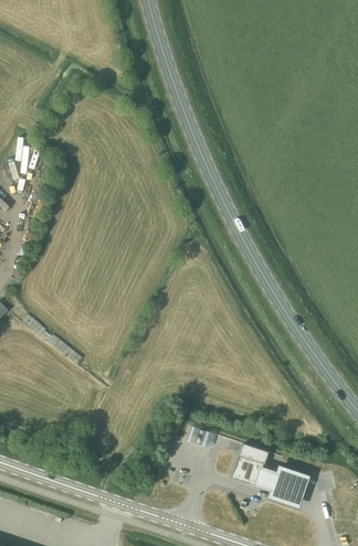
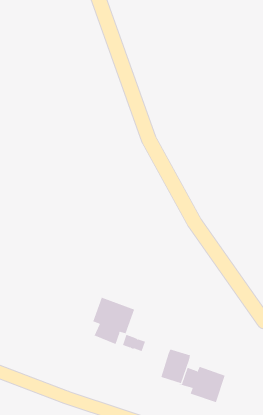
building: none -> [92,297,135,345]

